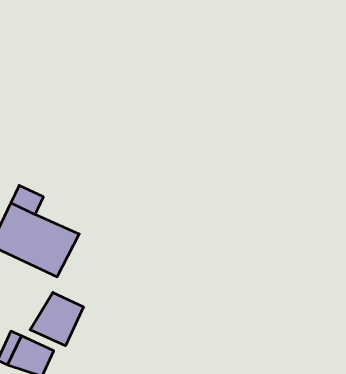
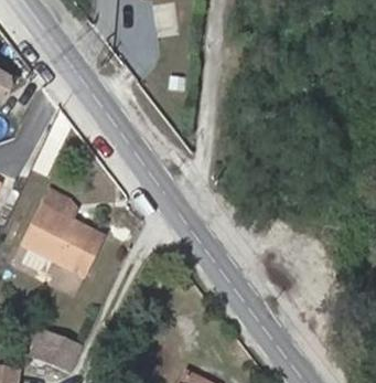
building: [30,292,83,346] -> none

